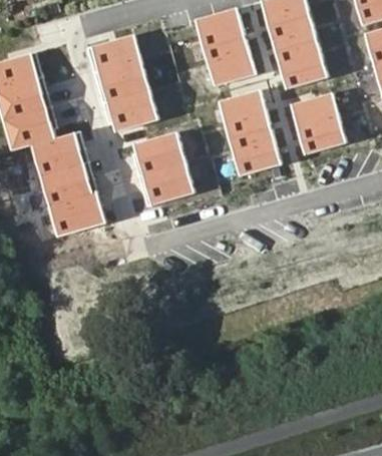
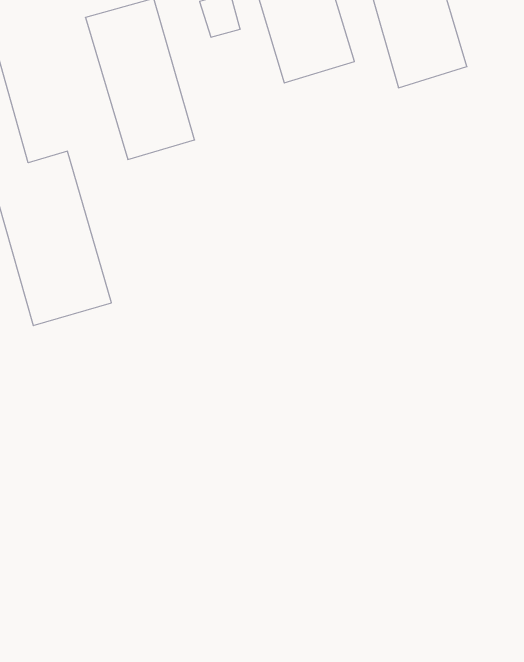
building: [218,91,280,170] -> none
building: [290,93,345,154] -> none
building: [133,130,195,204] -> none

